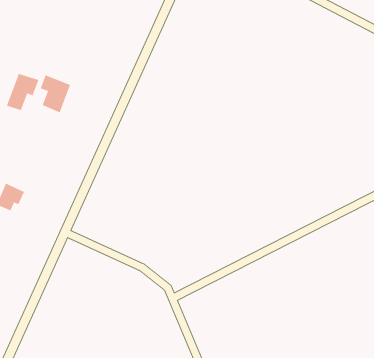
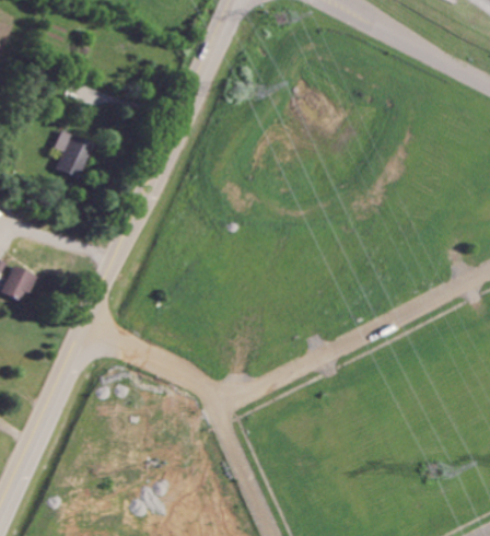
building: [6,73,39,111] -> none

